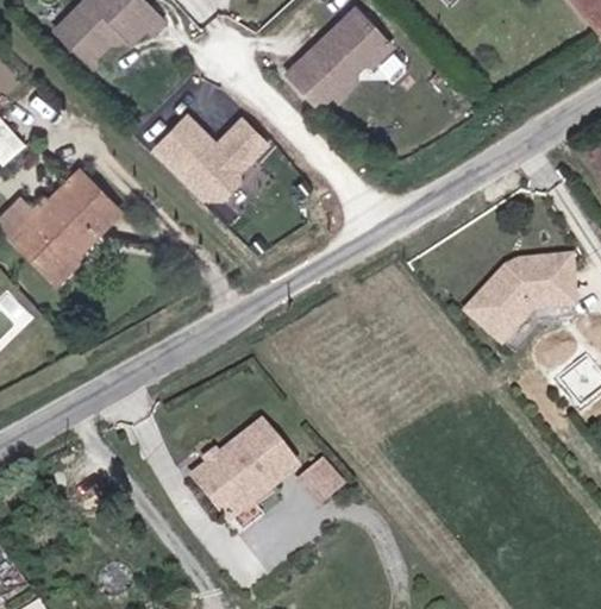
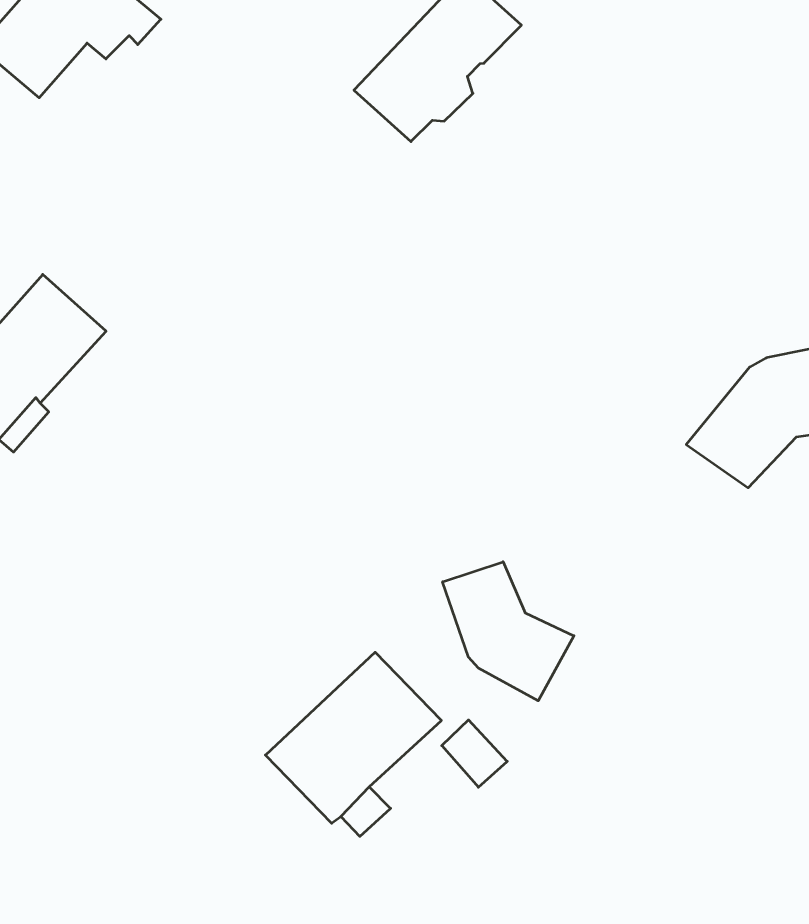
building: [156,114,269,199] -> none
building: none -> [443,562,574,701]

